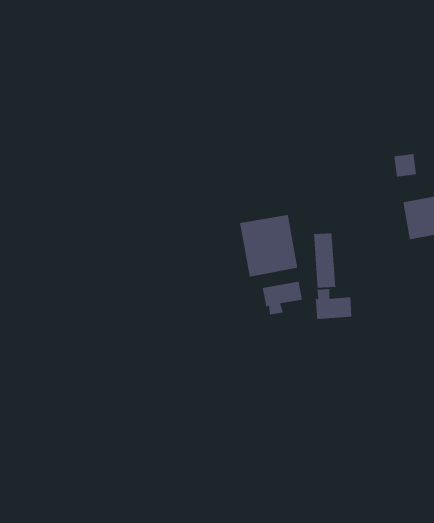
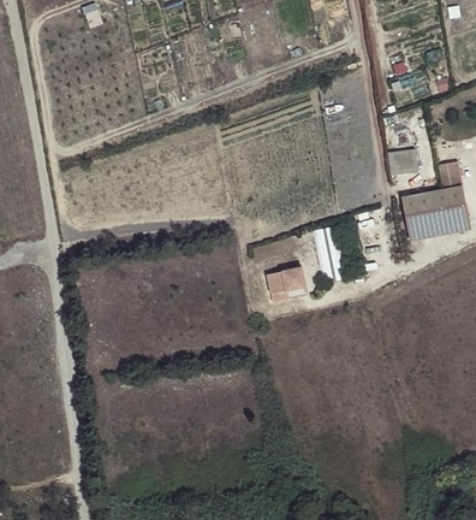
building: [239,214,298,278] -> none
building: [315,288,352,320] -> none

